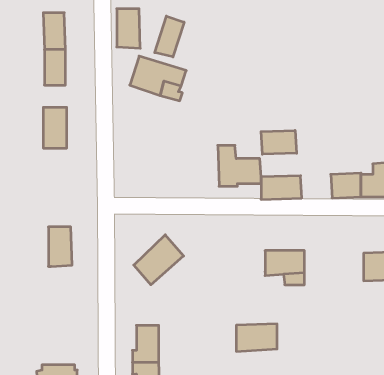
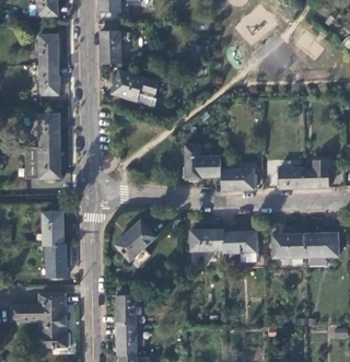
building: [155,16,184,57] -> none
building: [261,130,297,154] -> none
building: none -> [38,147,60,177]
building: none -> [272,234,306,257]
building: none -> [46,244,67,277]
building: none -> [10,292,66,327]
building: [236,324,277,351] -> [190,229,224,252]

